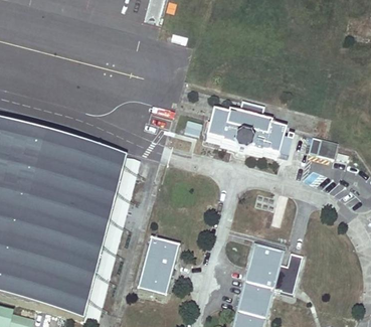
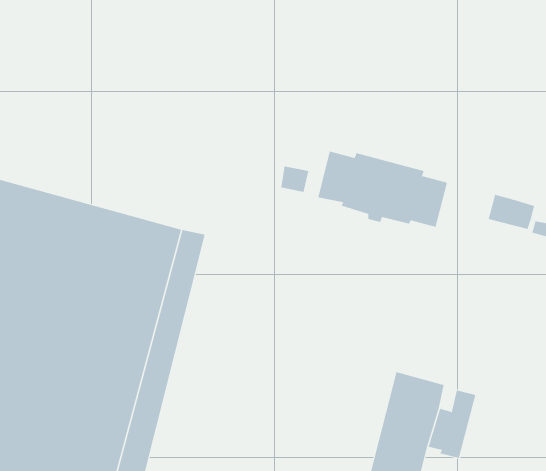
building: [135,232,178,292] -> none

